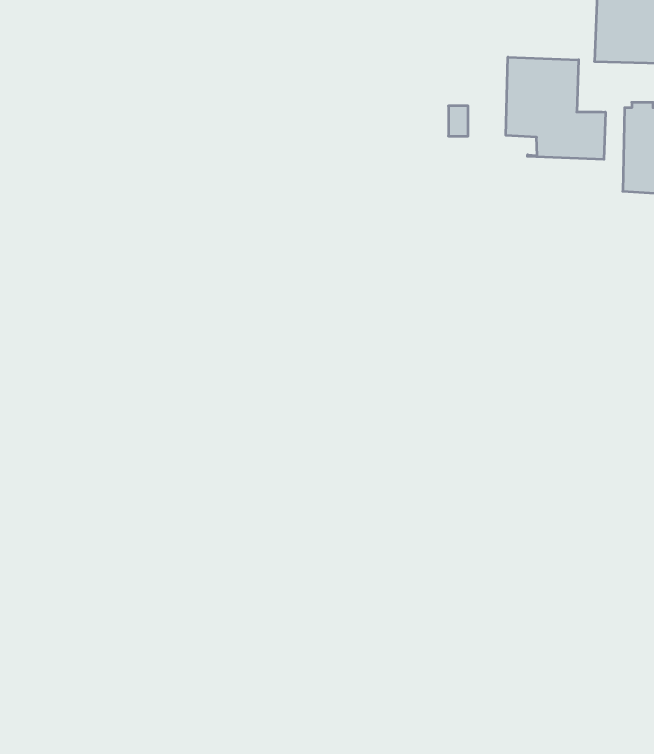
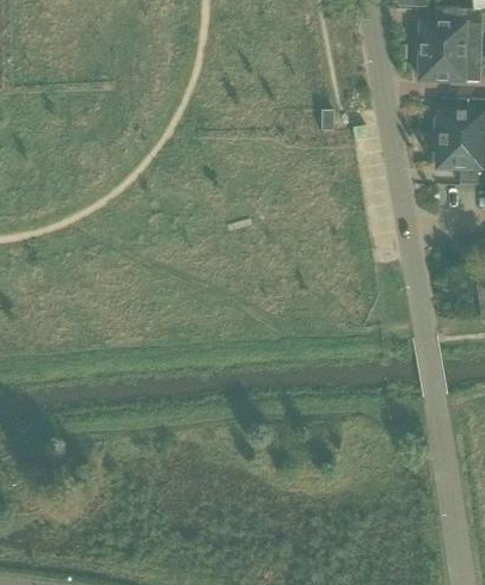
building: [506,57,605,159] -> none

